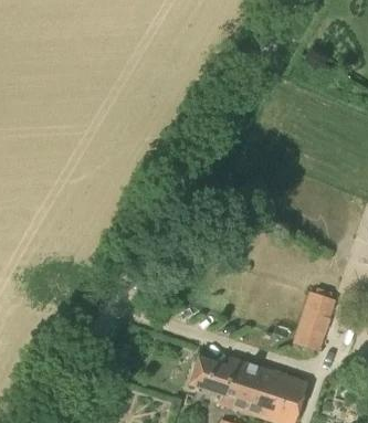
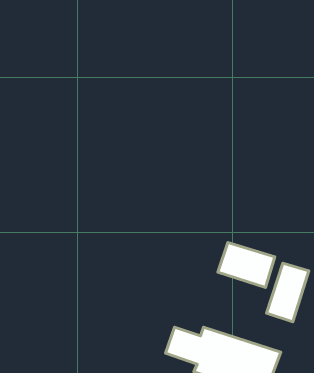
building: none -> [218,242,275,287]

